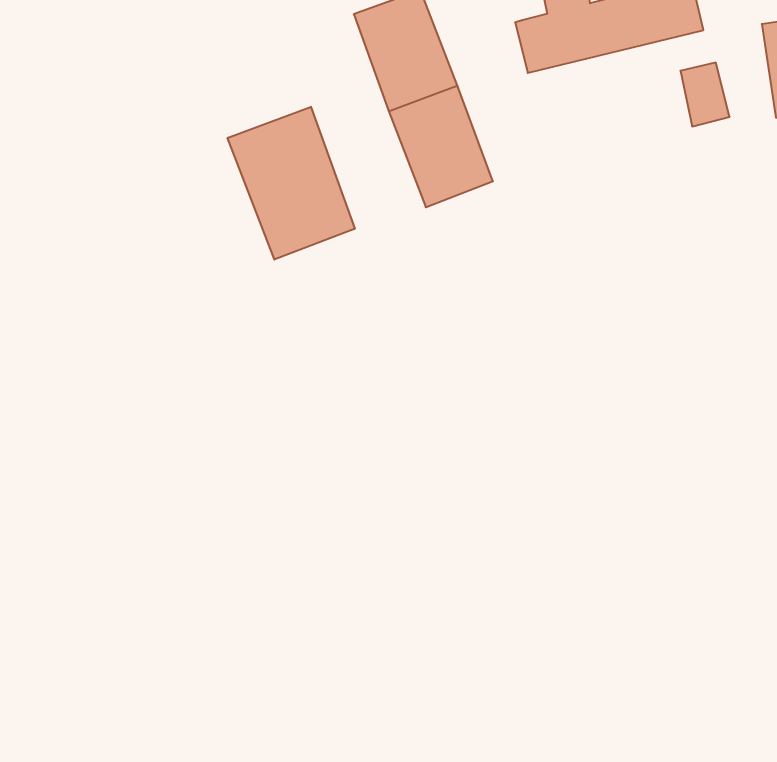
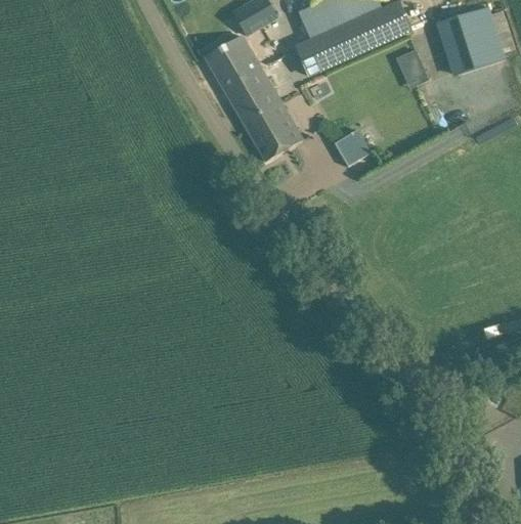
building: [228,107,355,260] -> none
building: none -> [335,128,373,166]

